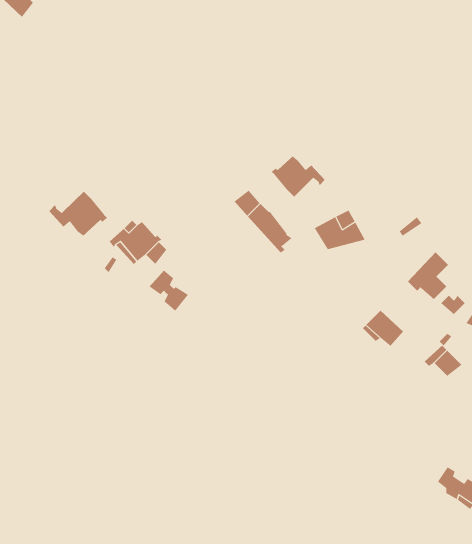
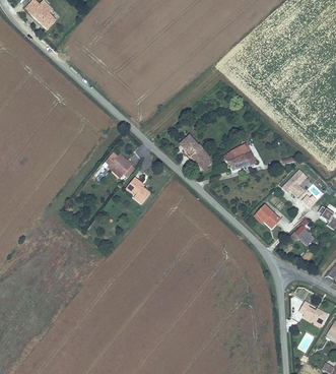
building: [270,155,325,197] -> none
building: [49,191,109,237] -> none

